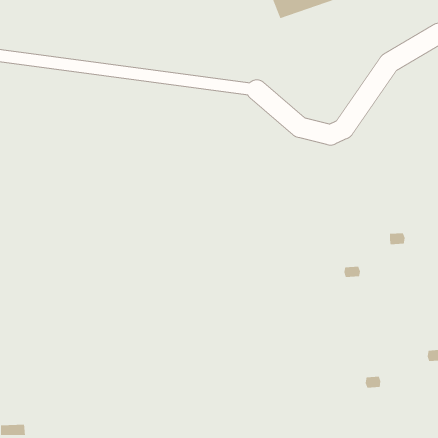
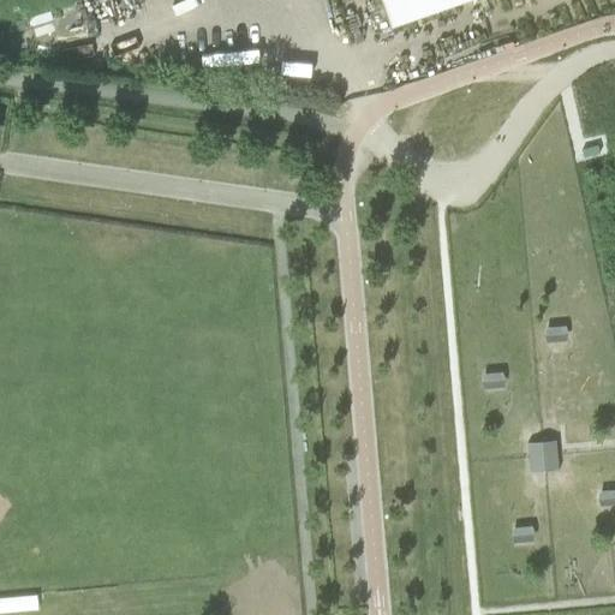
building: none -> [527,440,559,472]

